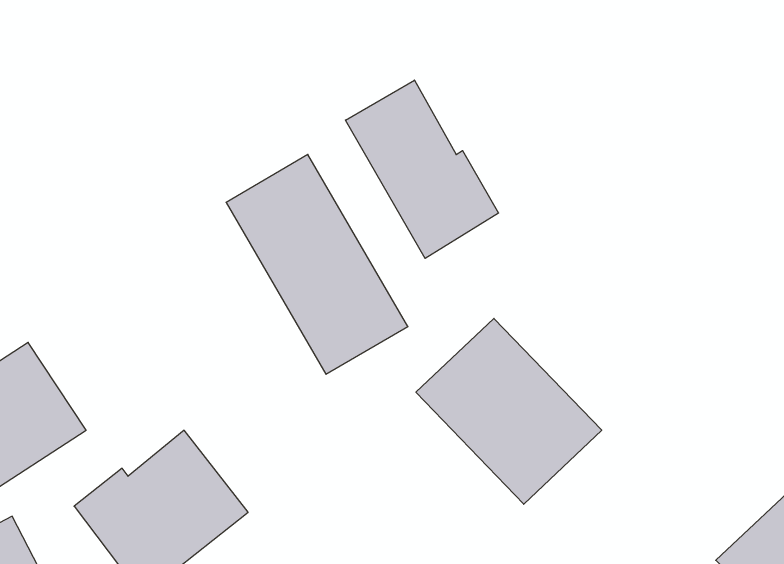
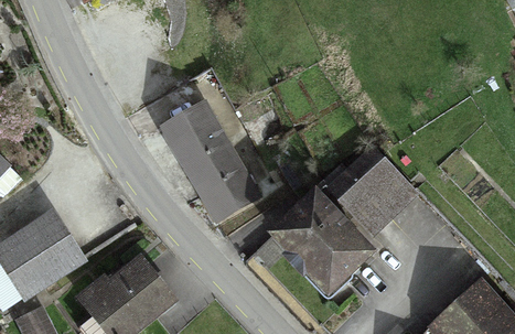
building: [345,80,499,258] -> none
building: none -> [331,153,414,235]

